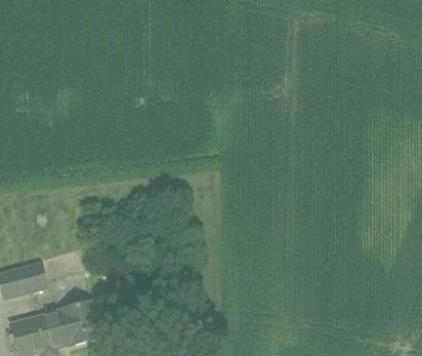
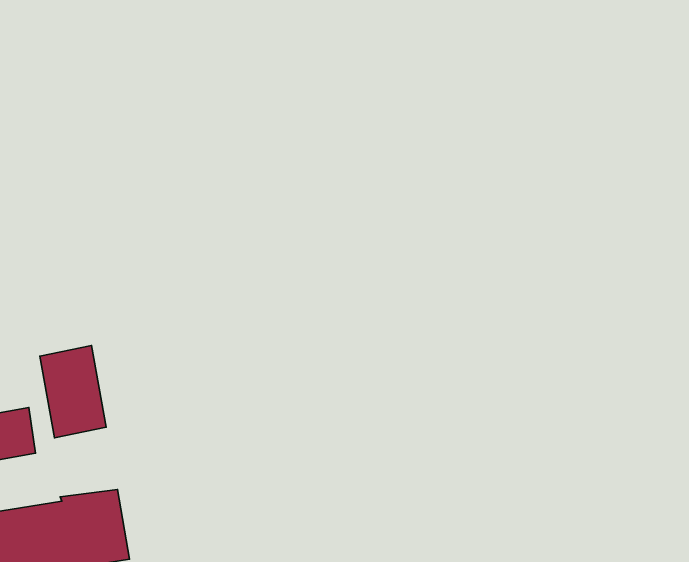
building: none -> [40,345,106,438]

